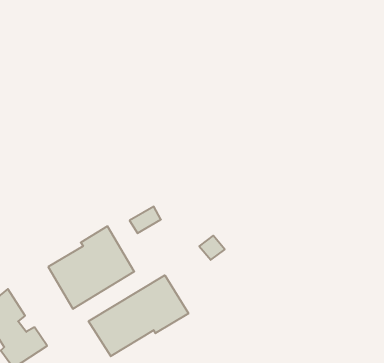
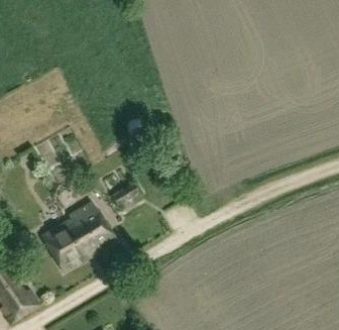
building: [89,275,188,356] -> none

